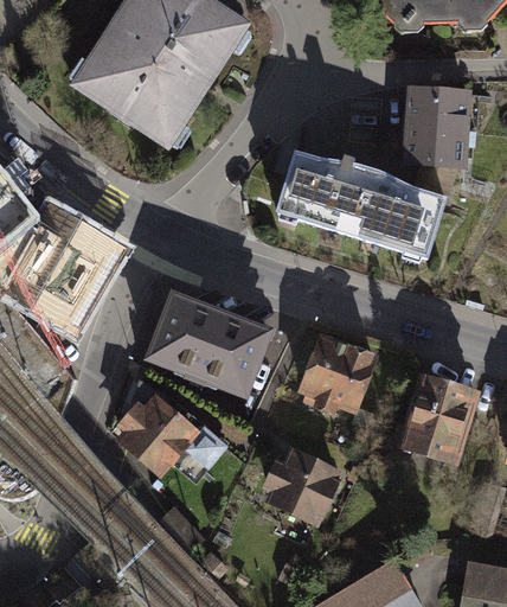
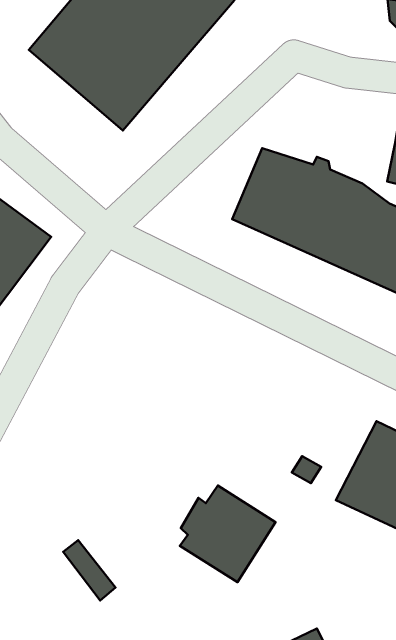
building: [150,295,271,398] -> none
building: [296,331,378,415] -> none
building: [113,392,229,486] -> none

